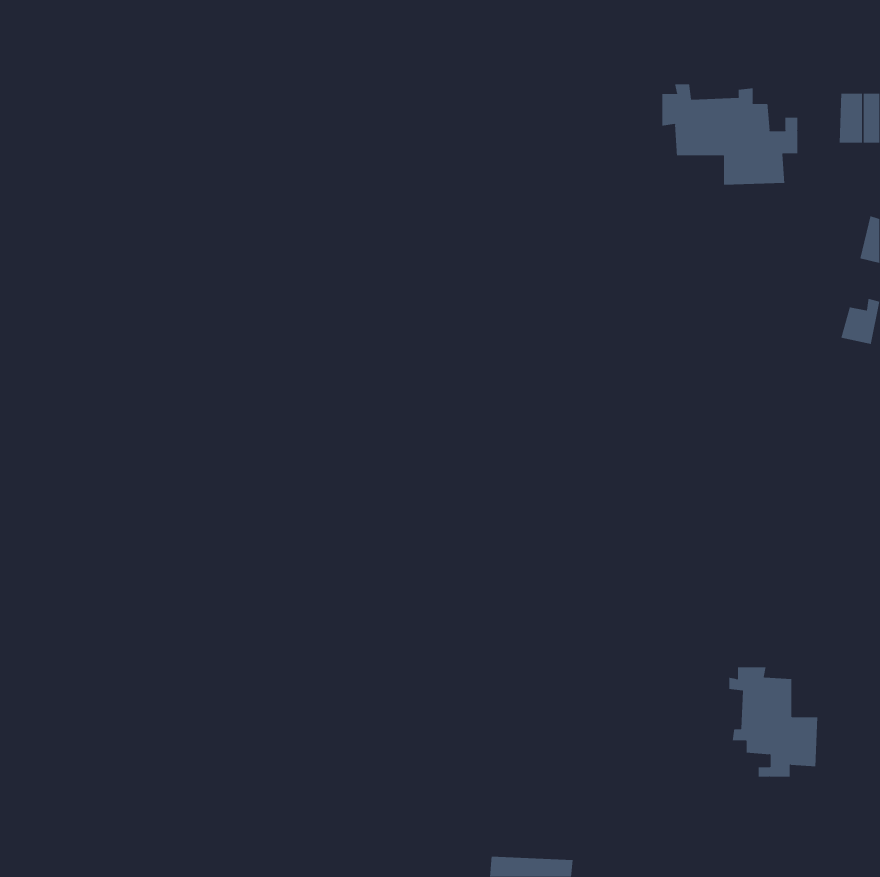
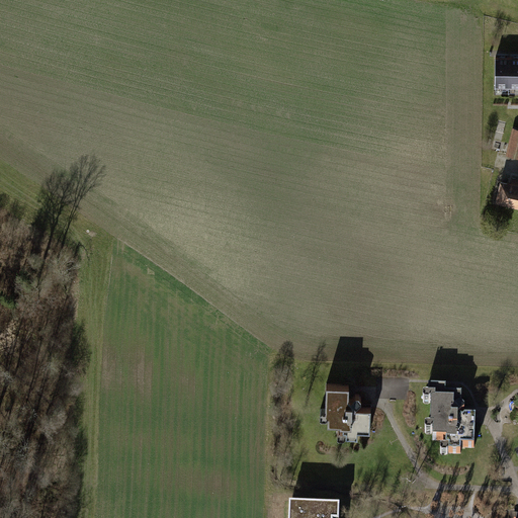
building: [662,83,798,185] -> none
building: none -> [328,386,377,440]

